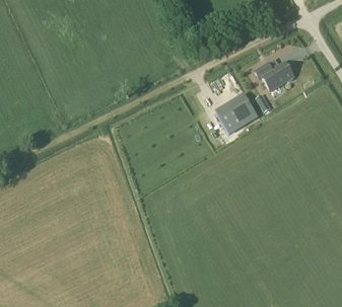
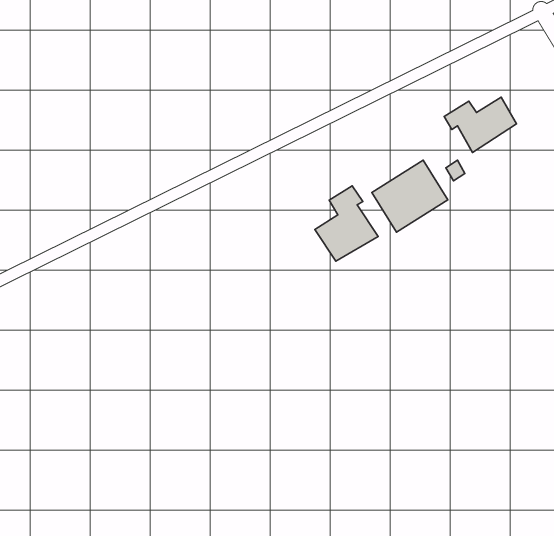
building: none -> [315,186,378,261]

